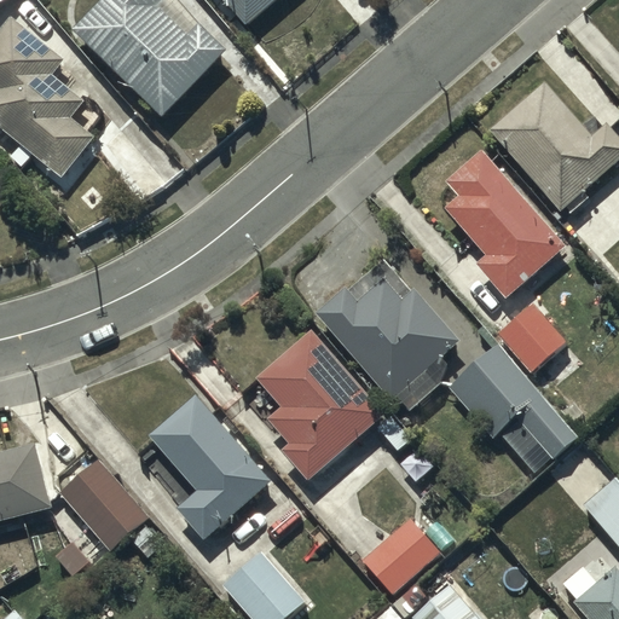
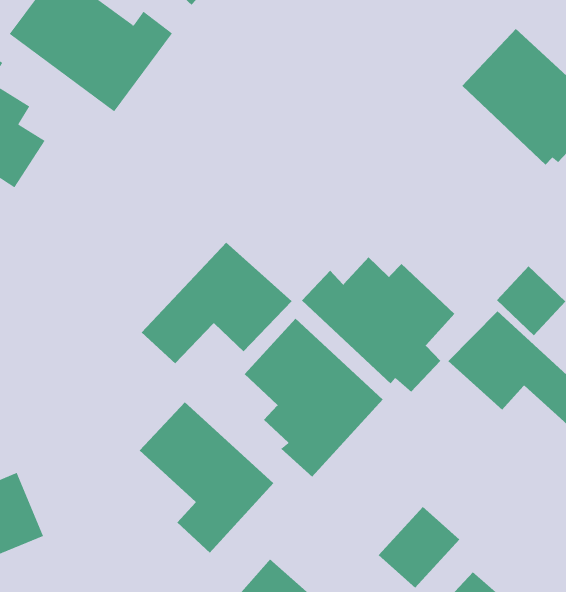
building: [445,150,565,297] -> none
building: none -> [141,242,293,364]
building: [59,458,149,551] -> none

